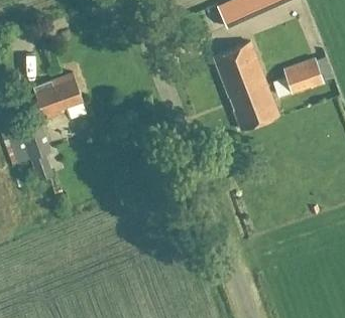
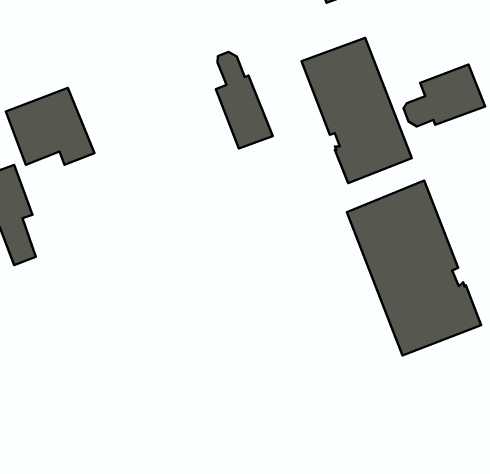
building: none -> [216,52,273,148]
building: none -> [347,180,481,355]

